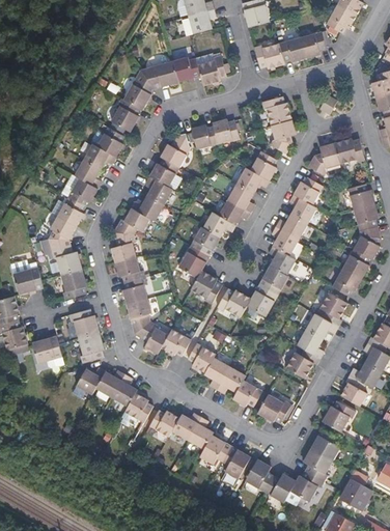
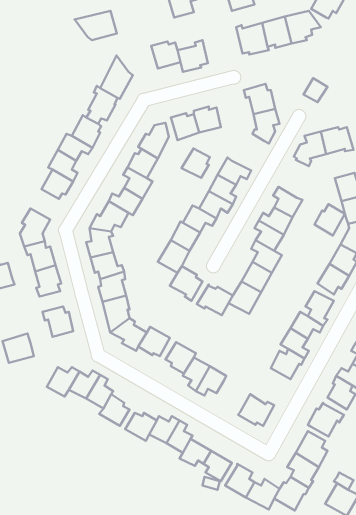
building: [138,60,178,88] -> [74,11,117,40]
building: [249,151,276,179] -> [182,148,210,178]
building: [294,175,323,205] -> [314,204,345,236]
building: [57,197,84,226] -> none
building: [78,333,103,362] -> none
building: [231,380,259,407] -> none

